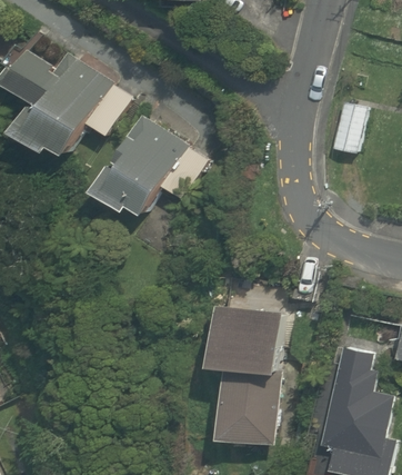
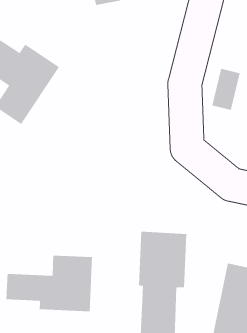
building: [103,122,190,228] -> none
building: none -> [6,255,93,312]

